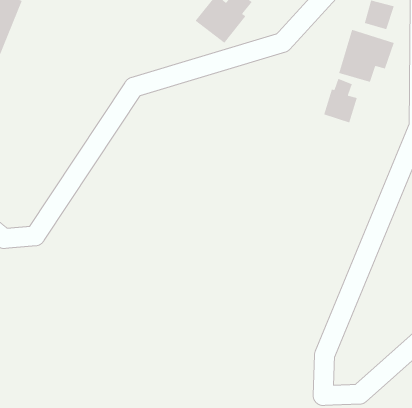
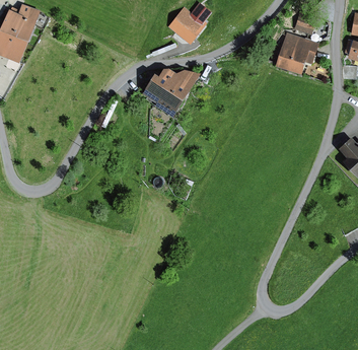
building: none -> [142,69,201,119]
building: [323,78,358,124] -> none

